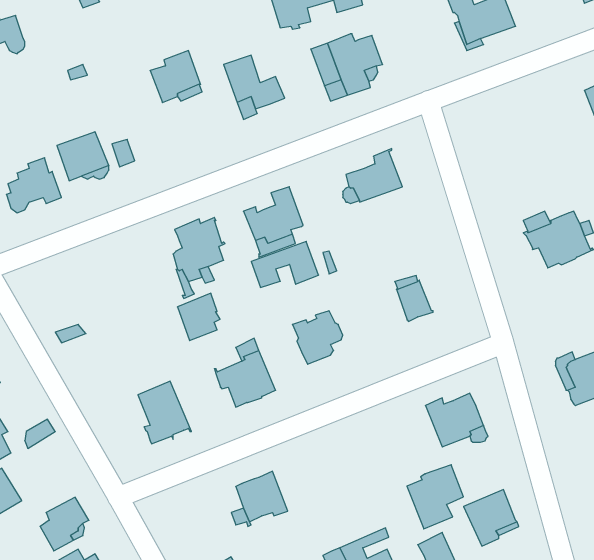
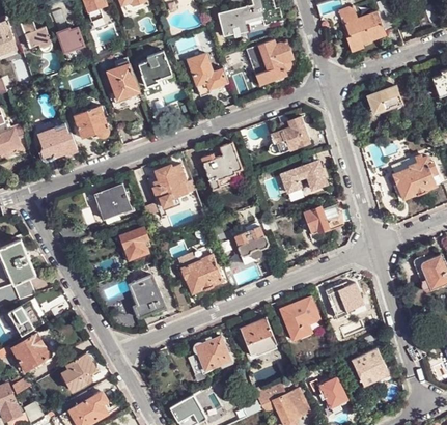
building: none -> [57,28,84,52]
building: none -> [107,64,139,101]
building: none -> [366,85,401,114]
building: [251,241,319,287] -> [280,161,326,192]
building: none -> [94,186,131,220]
building: [177,293,220,341] -> [120,227,149,259]
building: none -> [238,316,276,356]
building: [407,465,463,529] -> [280,298,318,341]

